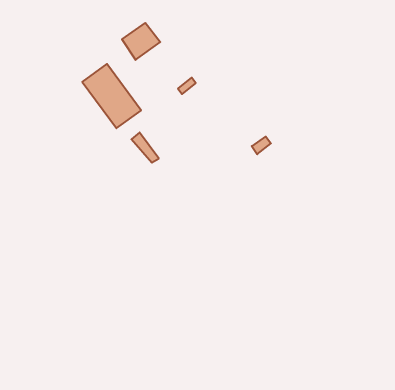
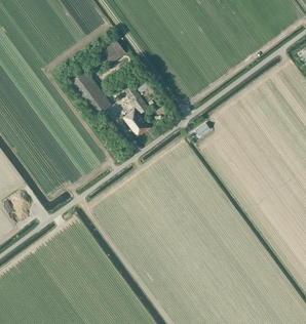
building: none -> [119,79,150,137]

